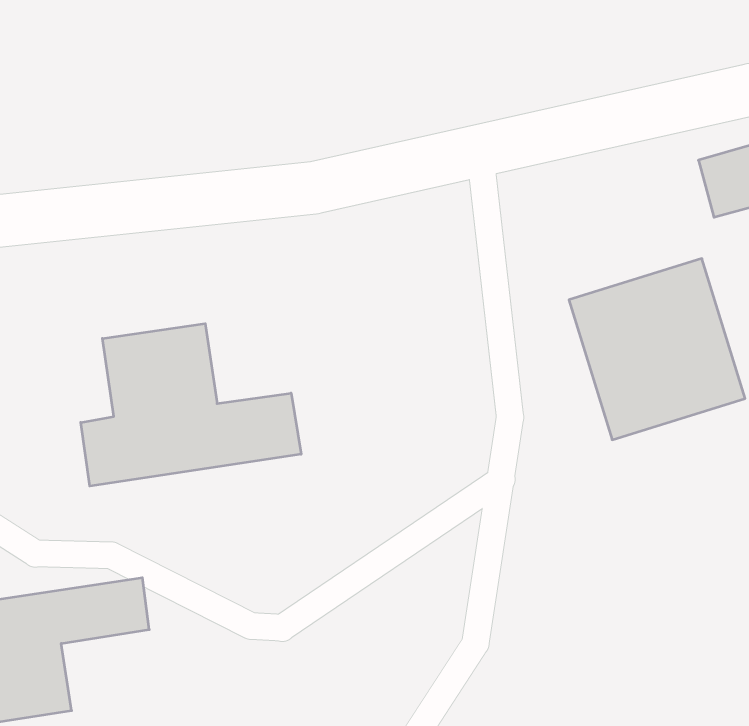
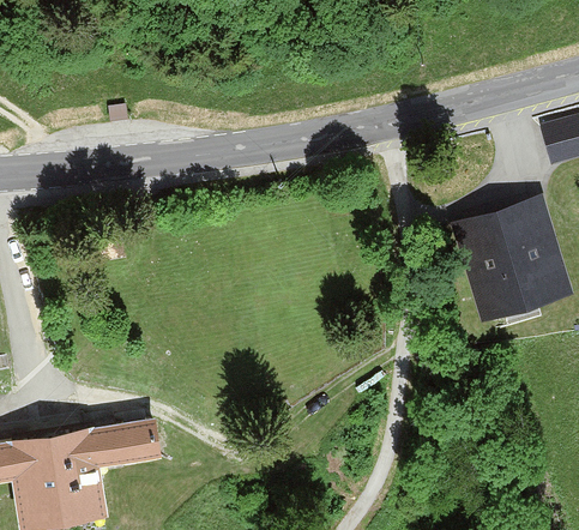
building: [81,324,301,486] -> none

